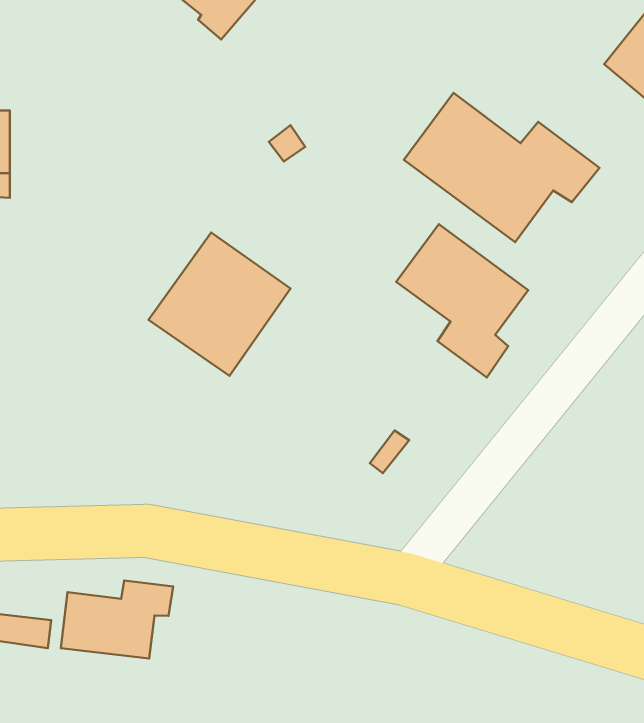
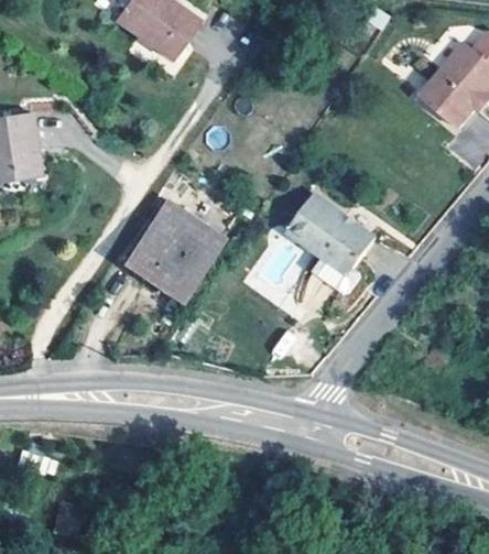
building: [404,93,599,242] -> none
building: [61,580,173,659] -> none

